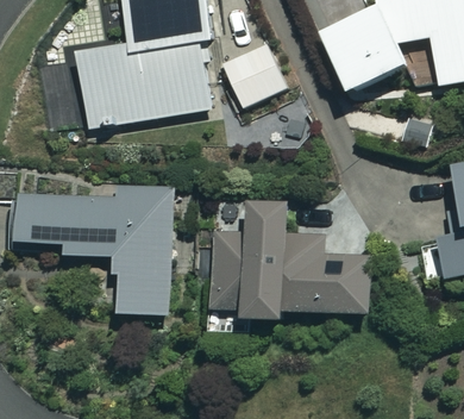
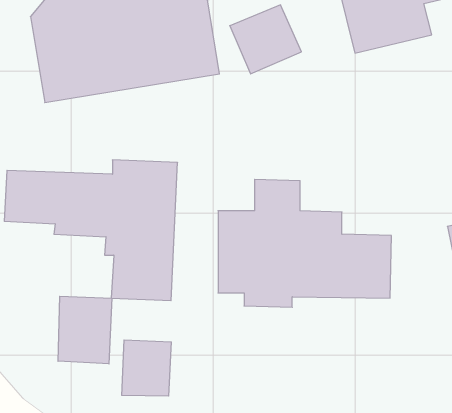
building: none -> [58,296,112,364]
building: none -> [122,340,171,396]

